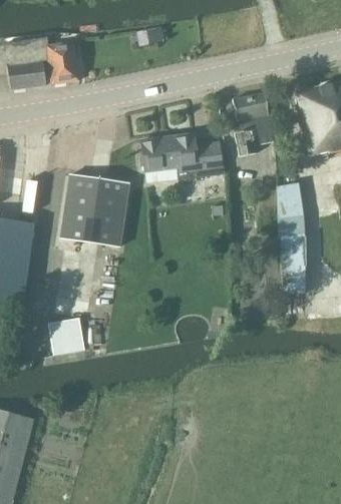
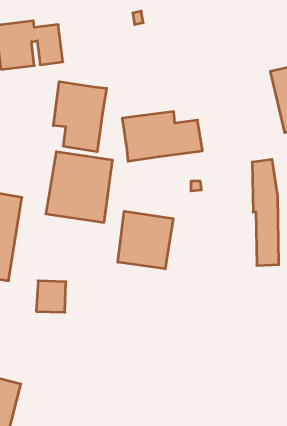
building: [233,91,274,153] -> none
building: none -> [53,82,107,152]
building: none -> [118,211,173,269]

